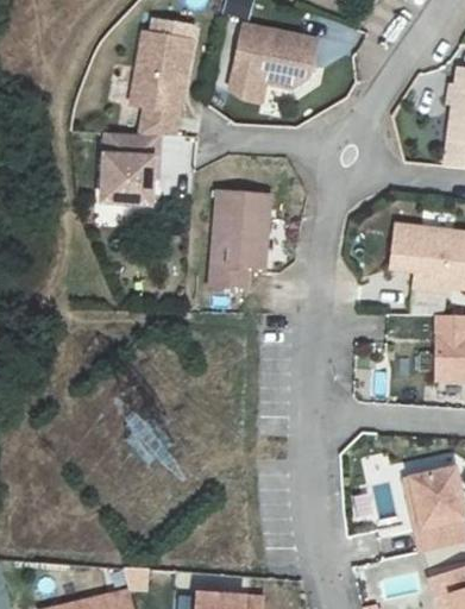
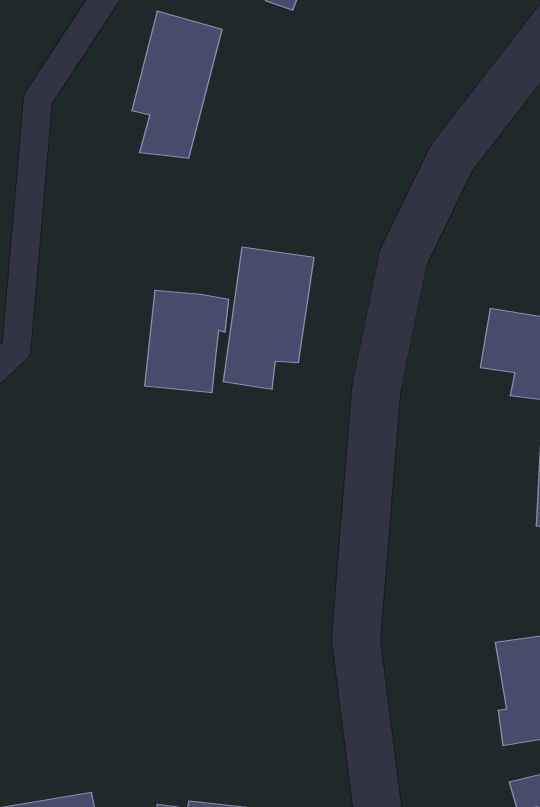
building: [232,21,319,100] -> none
building: [100,136,157,207] -> [145,290,229,393]

